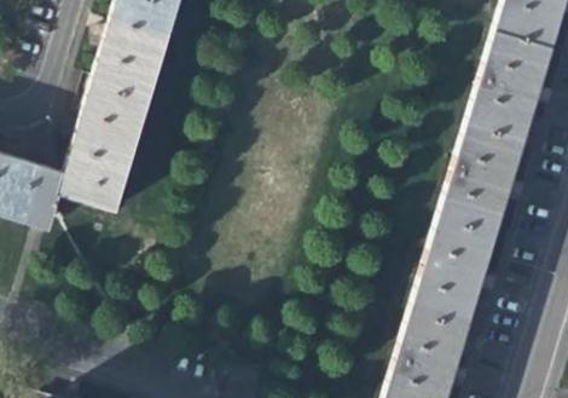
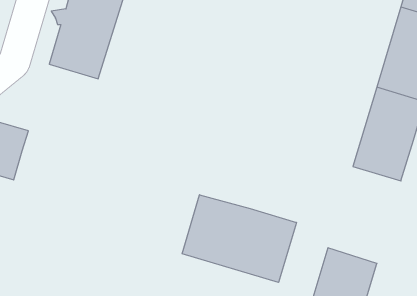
building: [57,96,145,213] -> none
building: [411,214,495,327] -> none
building: none -> [182,195,296,282]

